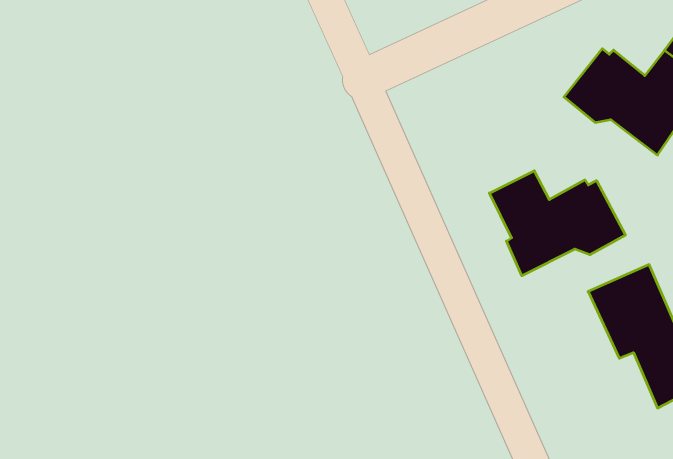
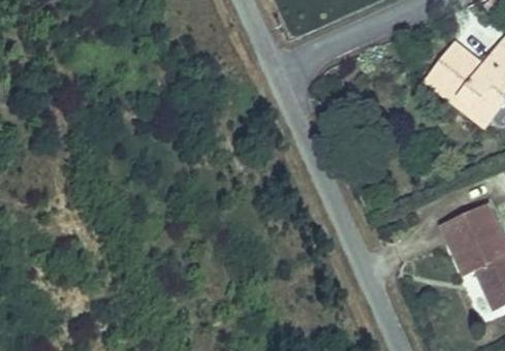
building: [489,171,625,276] -> none

